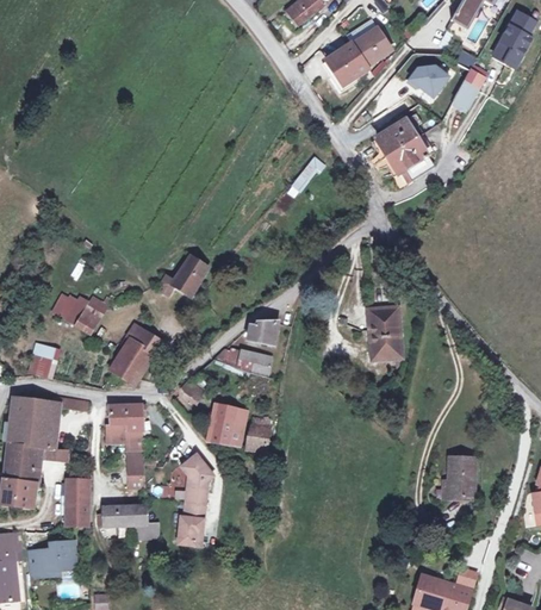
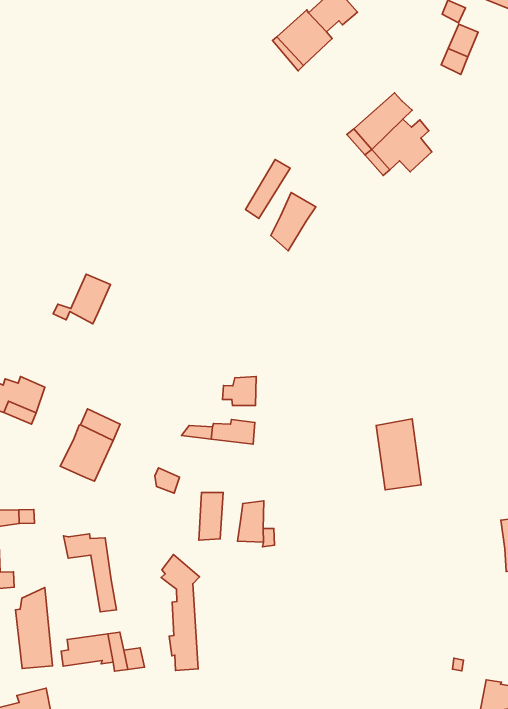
building: [404,64,446,97] -> none
building: none -> [271,192,316,251]
building: [162,257,210,297] -> [53,274,110,324]
building: [372,304,400,356] -> [376,419,421,490]
building: [111,405,139,430] -> none

